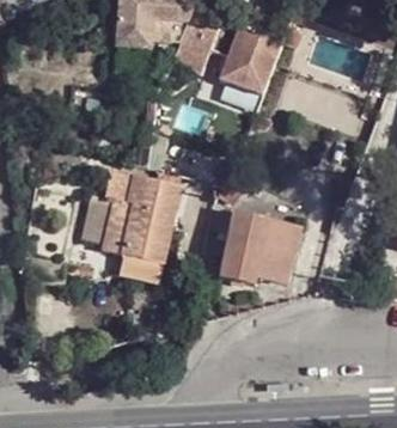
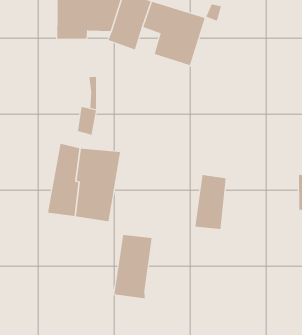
building: [222,210,270,285] -> [114,235,152,299]

